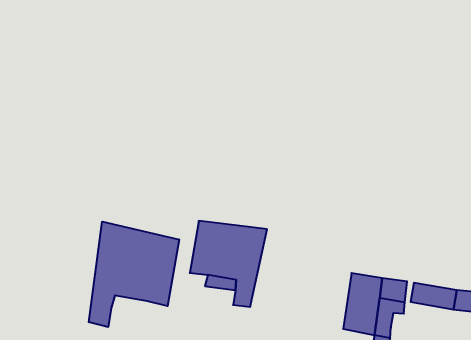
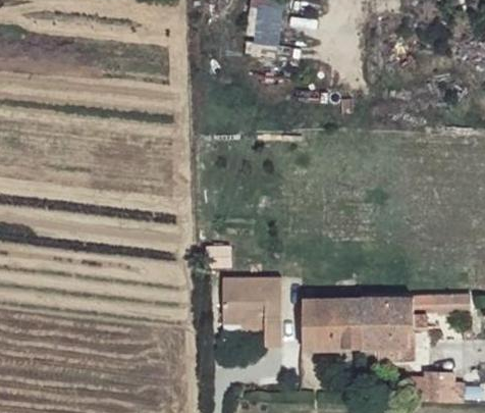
building: [89,222,179,327] -> none
building: none -> [303,298,363,348]

